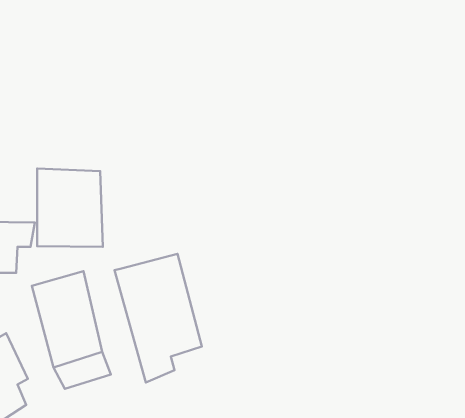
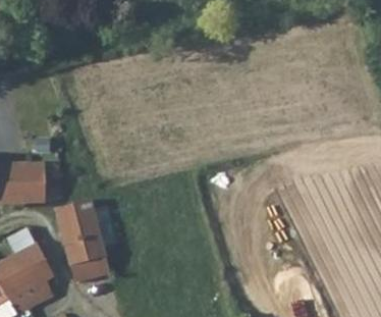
building: [37,169,103,247] -> none
building: [115,254,202,382] -> none

